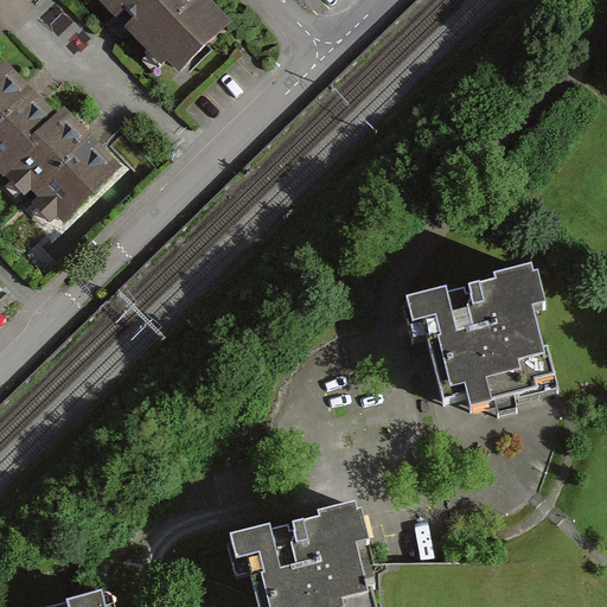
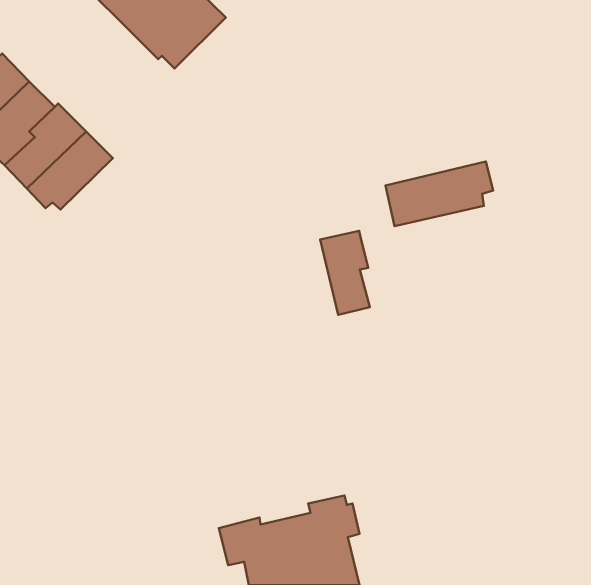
building: none -> [386,162,493,226]
building: none -> [320,231,370,315]
building: [402,264,554,408] -> none

